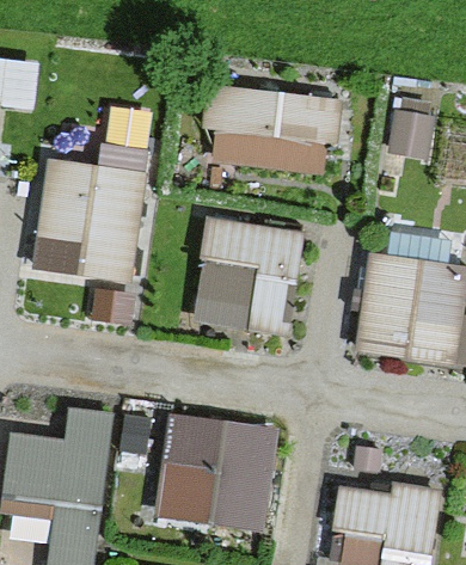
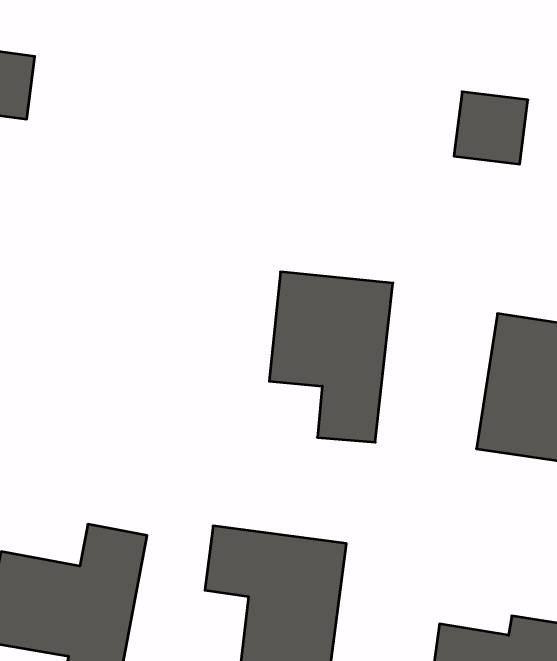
building: [221,85,352,185] -> none
building: [63,148,159,276] -> none

